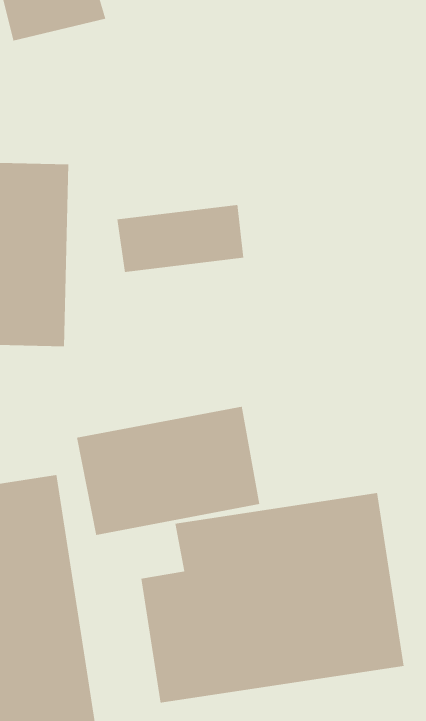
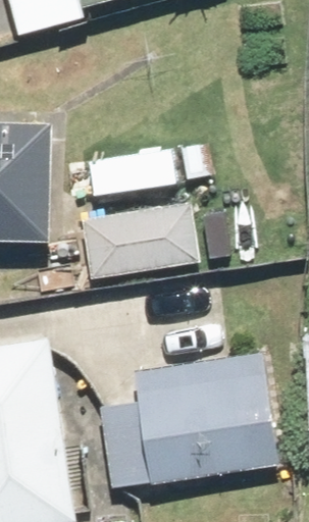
building: [76,406,260,535] -> [80,197,206,285]

